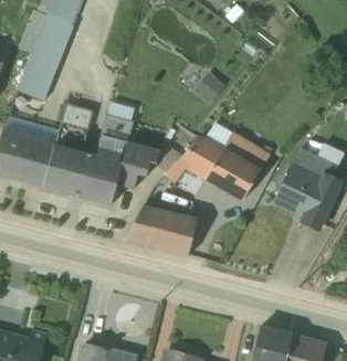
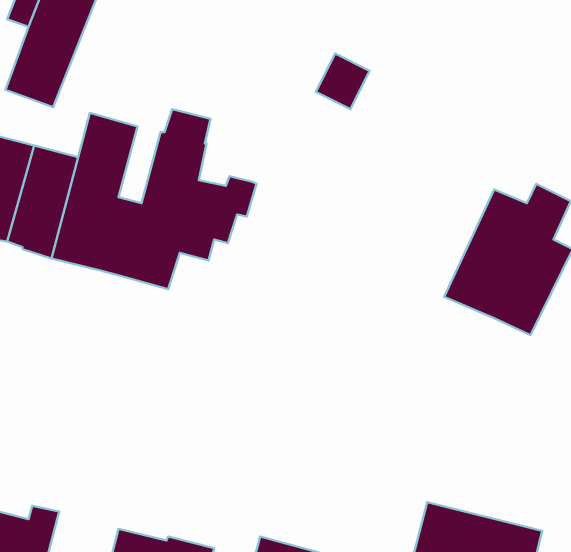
building: [164,130,271,202] -> none
building: [125,204,197,256] -> none

